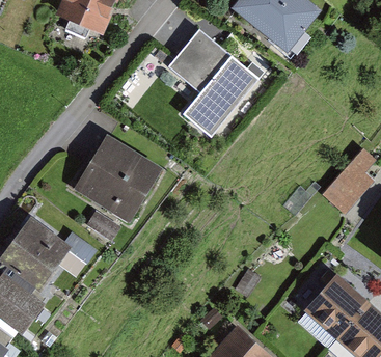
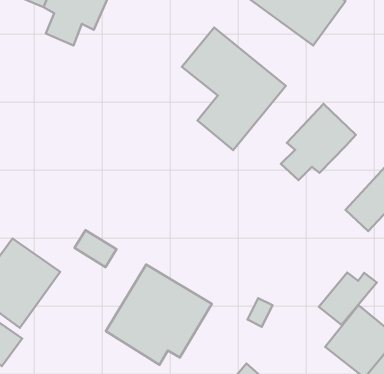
building: none -> [281,104,356,180]
building: [73,132,165,219] -> [106,265,212,365]
building: none -> [319,272,377,325]

